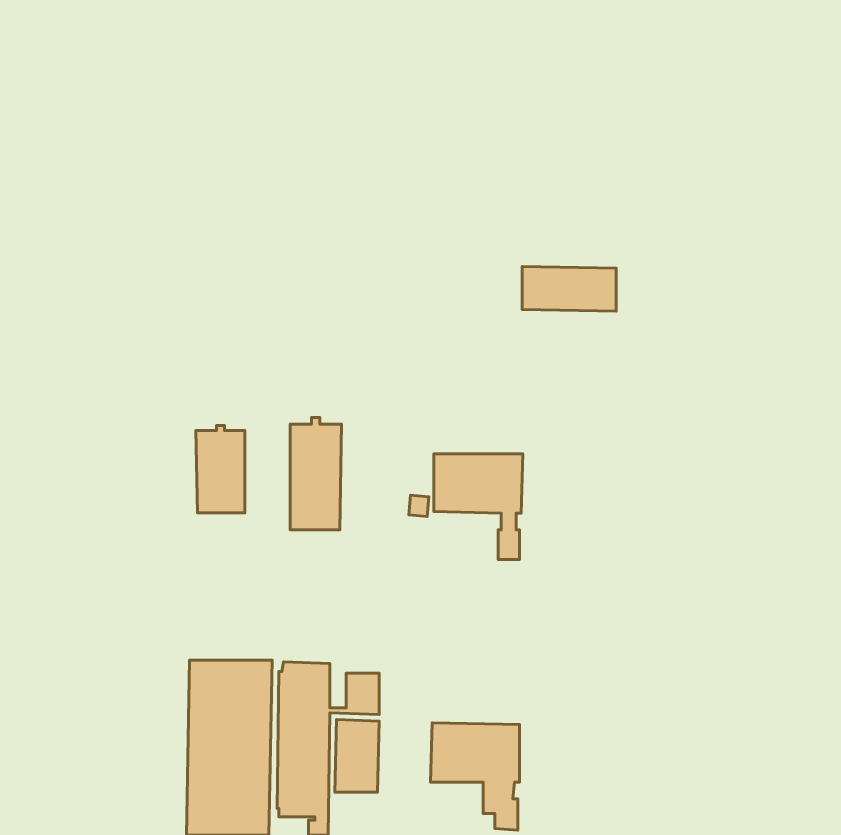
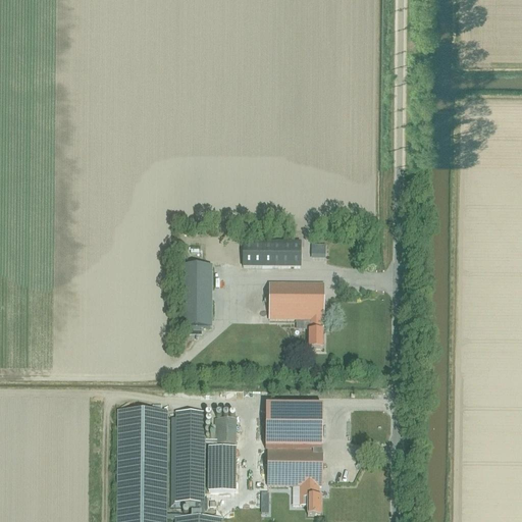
building: [522,267,616,311] -> [243,238,301,265]
building: [196,425,245,513] -> none
building: none -> [265,403,323,448]

